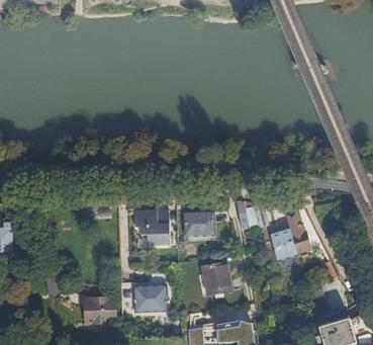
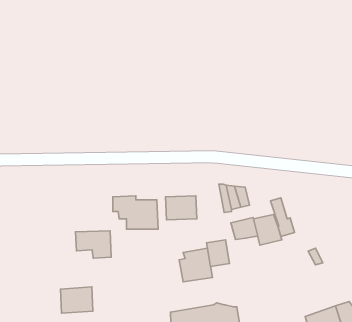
building: none -> [231,217,258,239]
building: none -> [207,240,230,267]
building: [133,285,168,312] -> [75,231,111,258]

